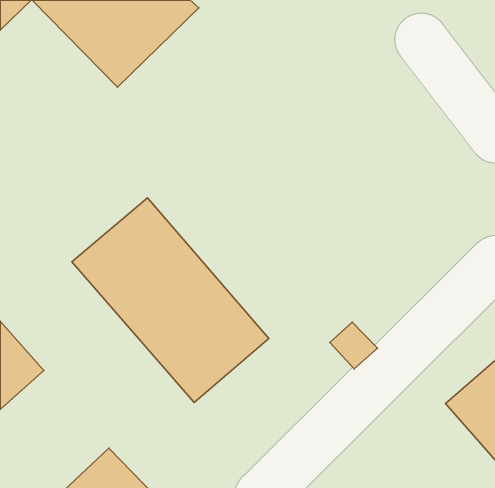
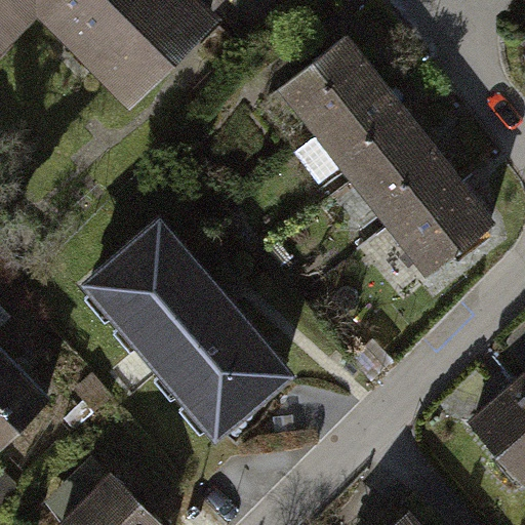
building: none -> [277,34,498,279]

